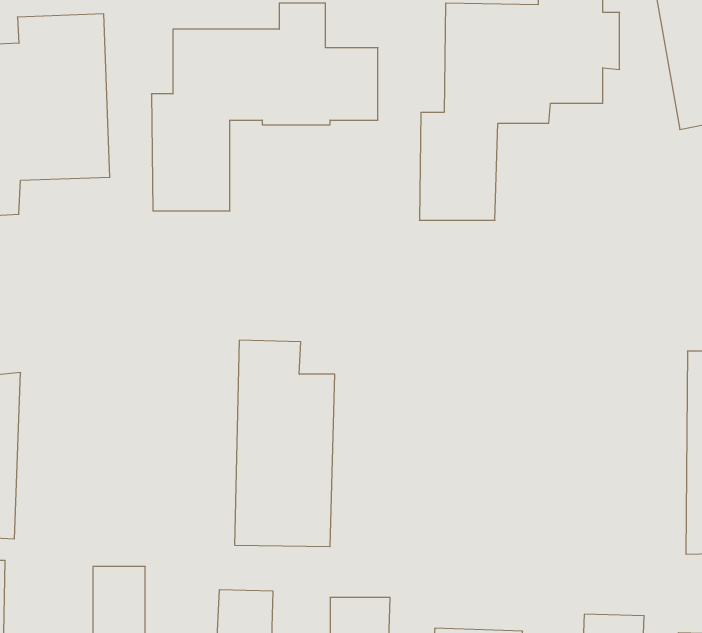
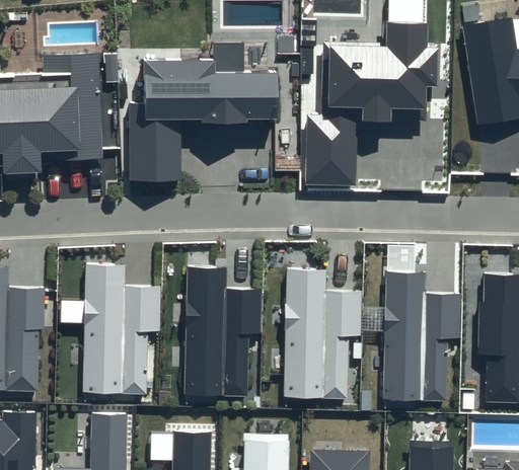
building: none -> [83,261,151,399]
building: none -> [285,267,348,402]
building: none -> [383,271,449,405]

